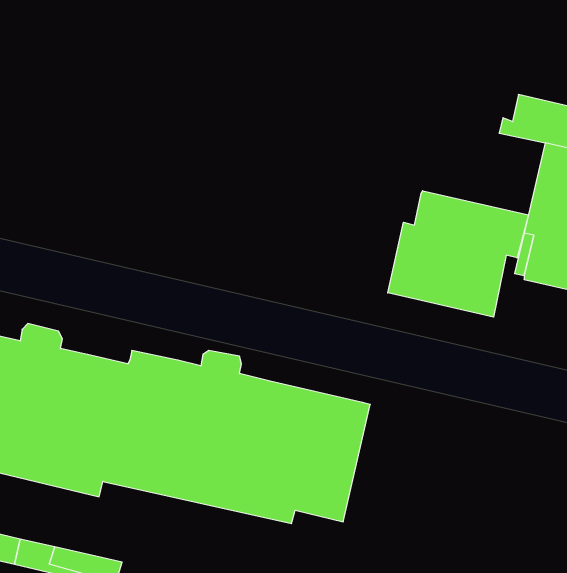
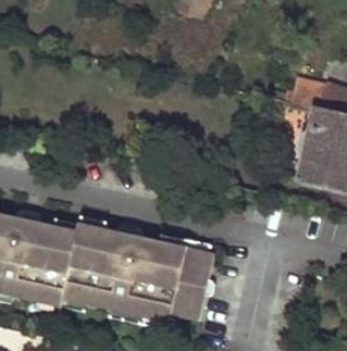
building: [388,191,528,317] -> none

